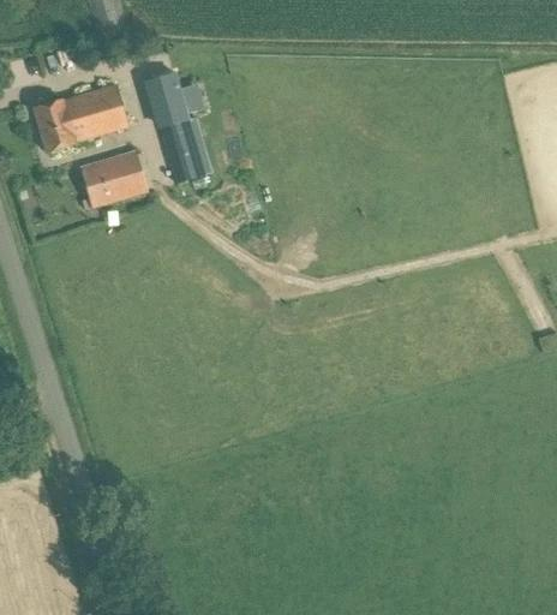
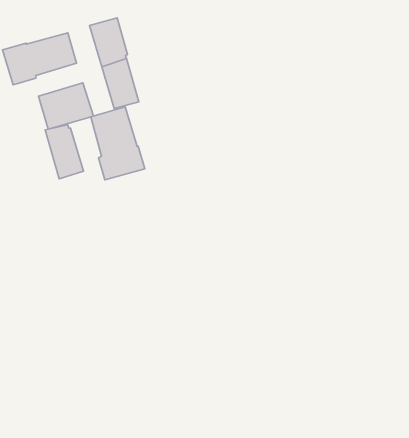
building: none -> [91,107,145,180]
building: none -> [45,125,84,179]

